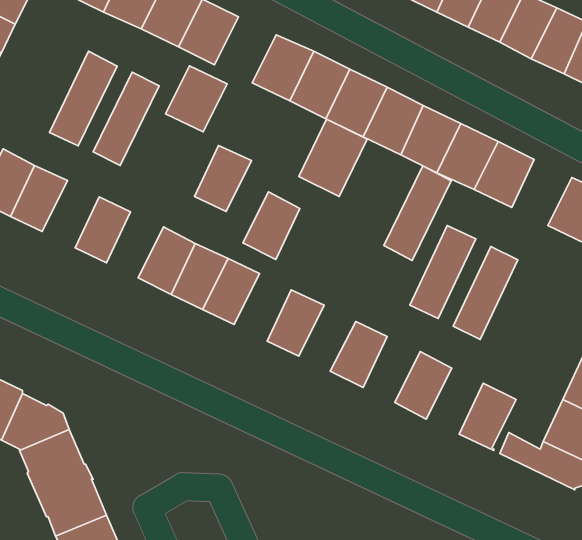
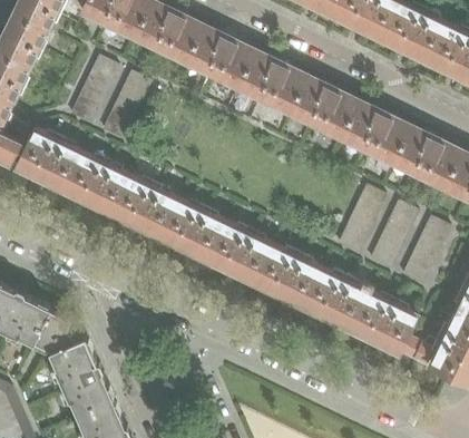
building: [165,66,227,132] -> [192,31,237,80]
building: [299,119,367,196] -> none
building: [195,145,252,211] -> [111,176,154,225]
building: none -> [412,137,457,186]
building: [384,166,451,260] -> [400,217,450,288]
building: none -> [63,153,106,203]
building: [243,192,300,259] -> [206,222,248,272]
building: none -> [254,245,296,294]
building: none -> [302,269,344,318]
building: none -> [349,292,391,341]

